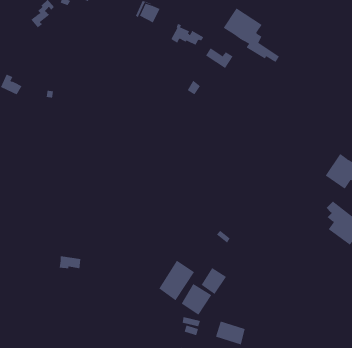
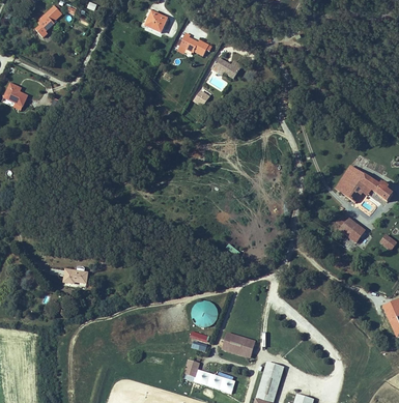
building: [223,8,280,63] -> none
building: [158,260,195,301] -> none
building: [201,267,227,295] -> none

